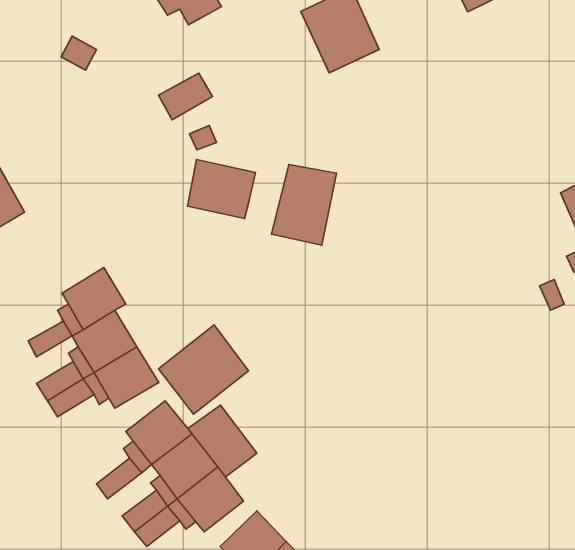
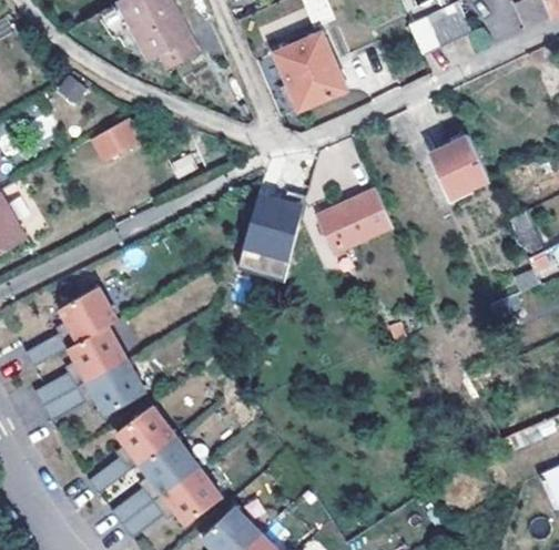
building: [159,73,212,120] -> [90,115,139,157]
building: none -> [431,134,489,194]
building: [187,160,255,219] -> none
building: none -> [319,189,393,251]
building: [158,325,249,414] -> none
building: [188,405,257,477] -> none

